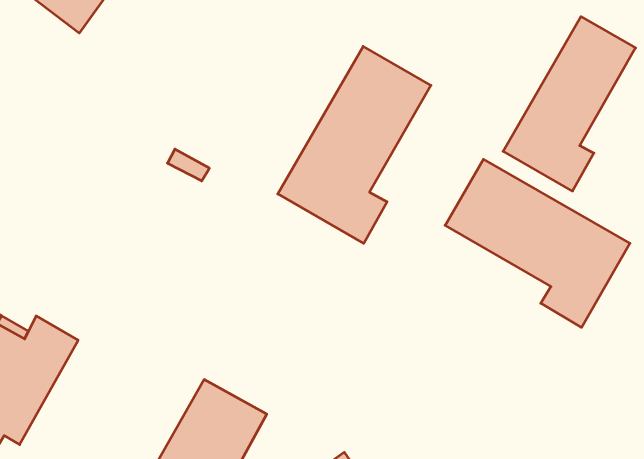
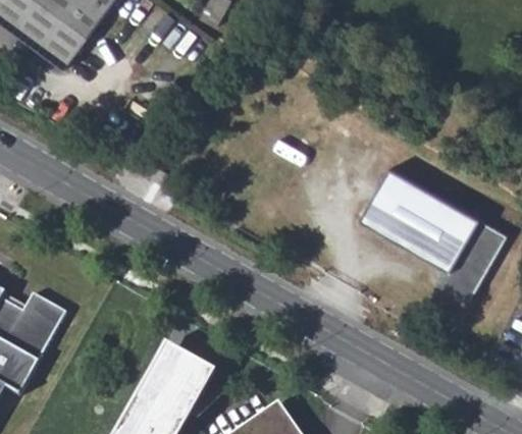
building: [503,17,636,191] -> none
building: [278,46,431,243] -> none

